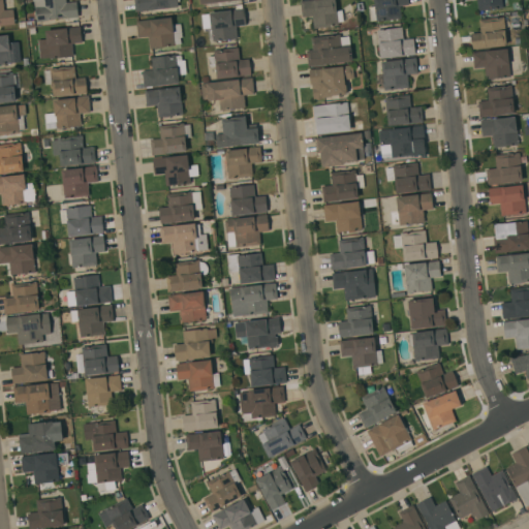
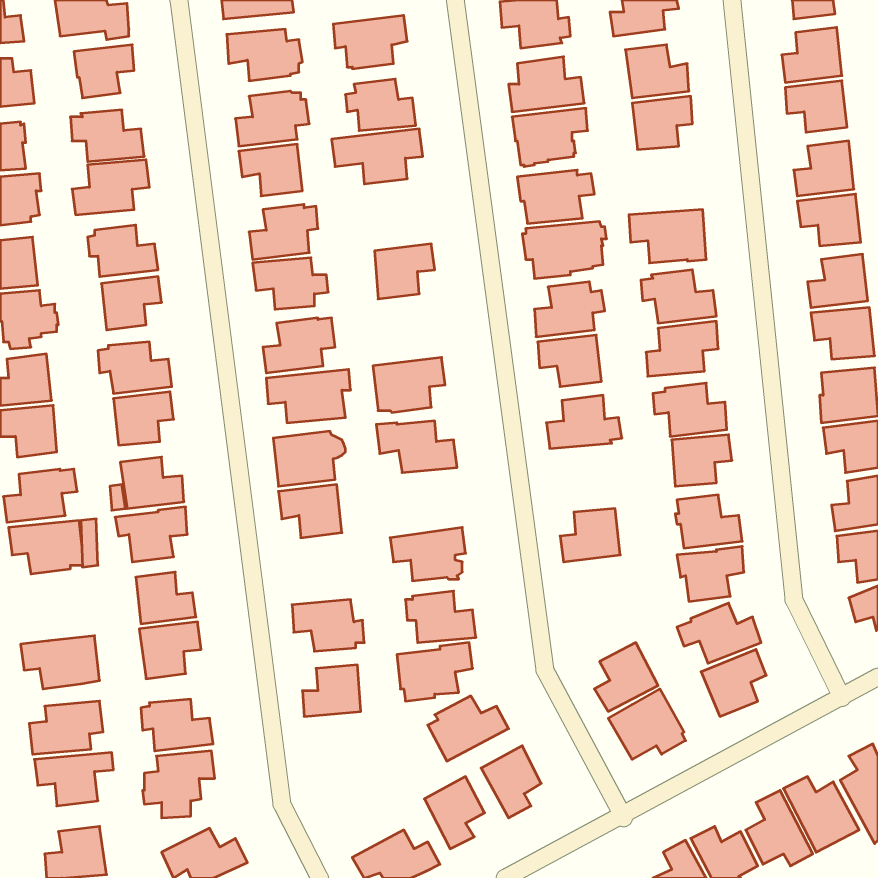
building: [384,95,423,126] -> none
building: [215,117,258,148] -> none
building: [229,185,267,216] -> none
building: [331,269,374,301] -> none
building: [229,283,277,317] -> none
building: [174,329,216,362] -> none
building: [339,337,382,375] -> none
building: [10,352,54,384] -> none
building: [185,431,223,461] -> none
building: [203,469,241,512] -> none

